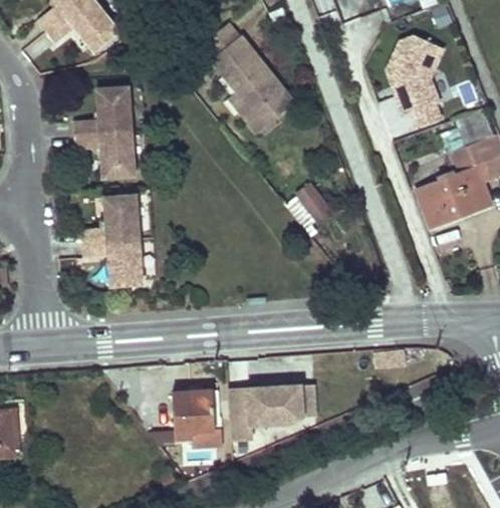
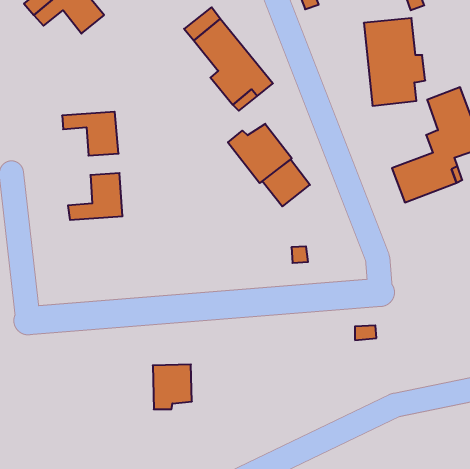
building: [76,87,132,137] -> none
building: none -> [228,124,292,183]
building: [85,240,143,286] -> none
building: [229,384,308,440] -> none

